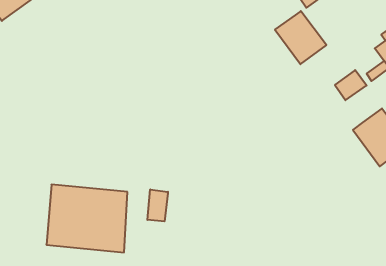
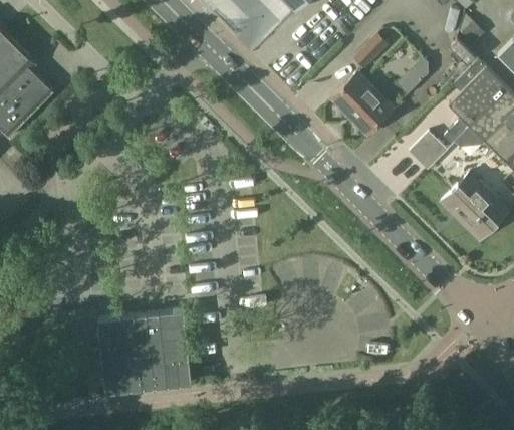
building: none -> [396,57,430,95]
building: [147,189,168,221] -> none

